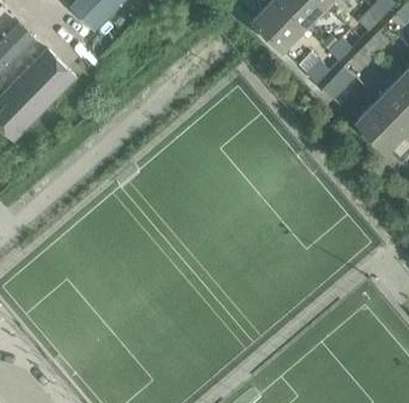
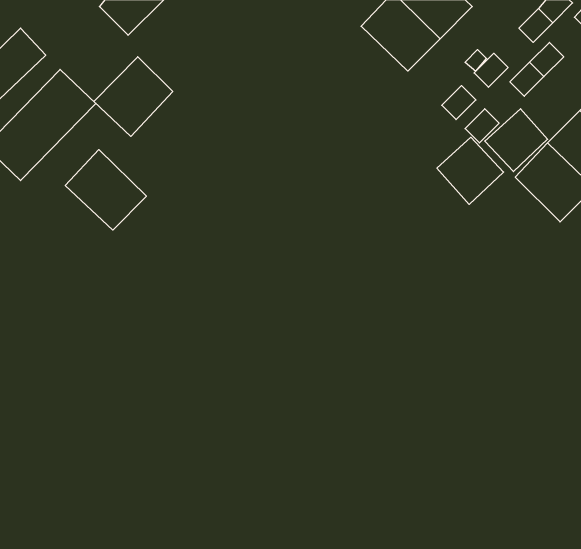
building: none -> [94,57,173,136]
building: none -> [437,137,504,204]
building: none -> [65,150,146,230]

